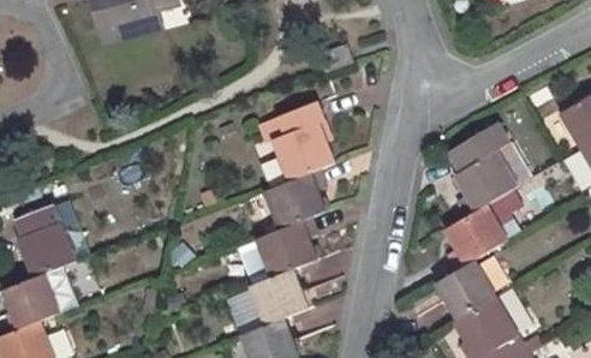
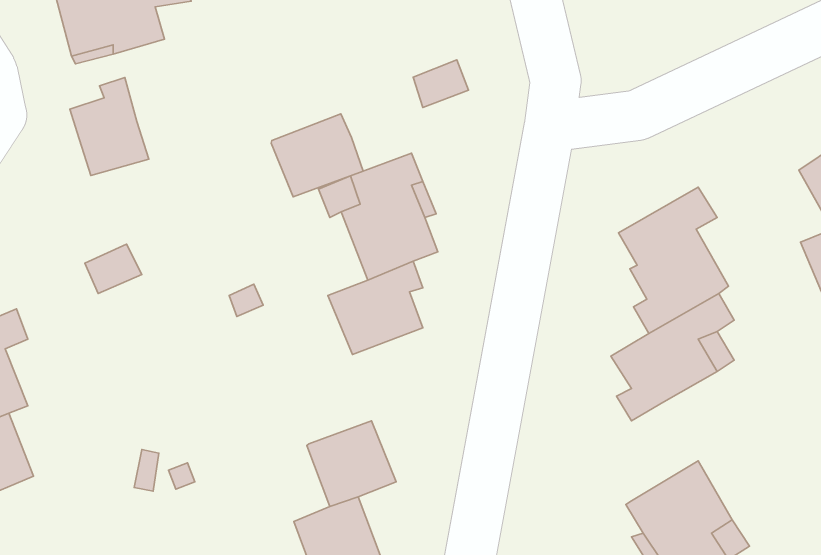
building: none -> [70,77,149,175]
building: none -> [271,114,363,197]
building: [237,217,315,285] -> none
building: [434,258,497,321] -> none

